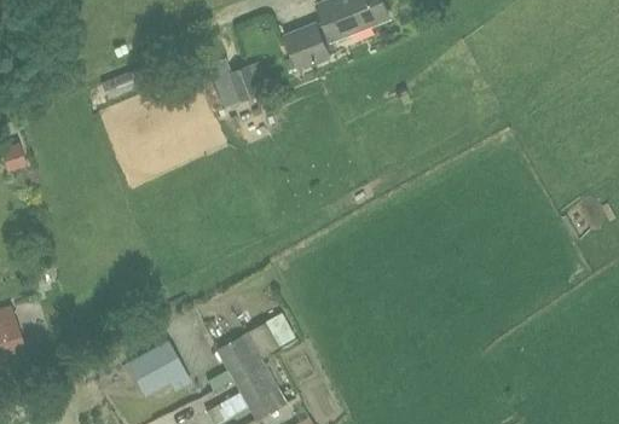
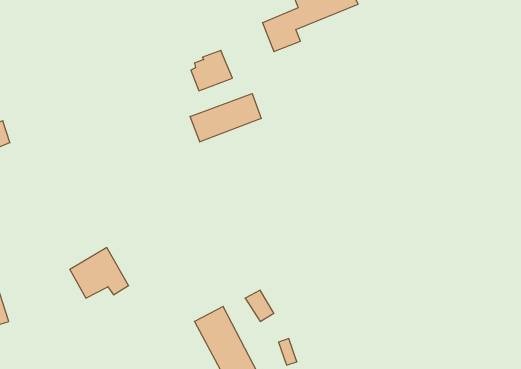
building: none -> [190,94,261,142]
building: [129,339,191,393] -> [70,248,129,298]

